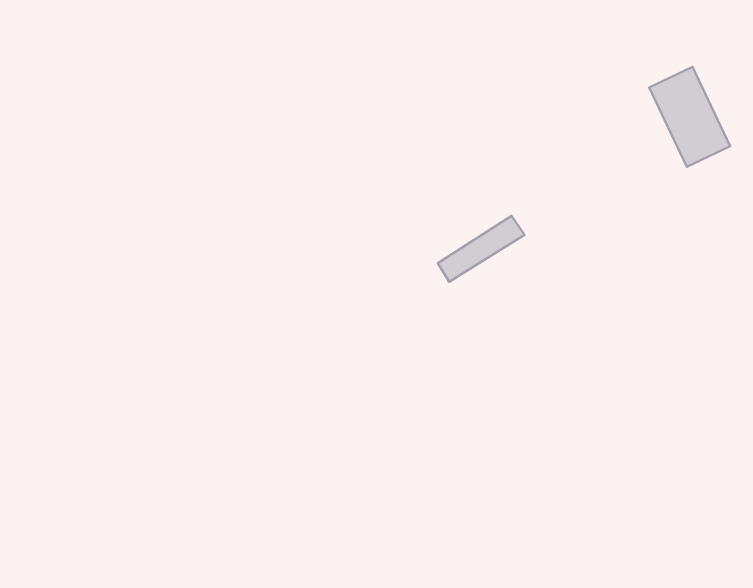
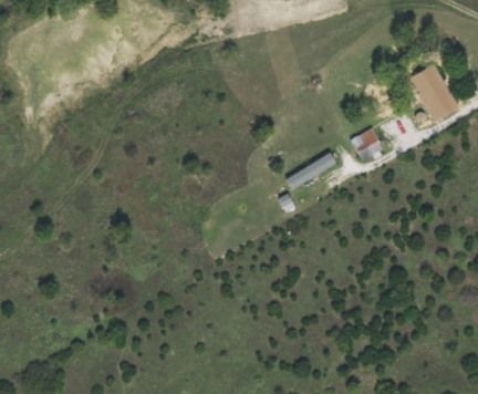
building: none -> [352,129,384,162]

